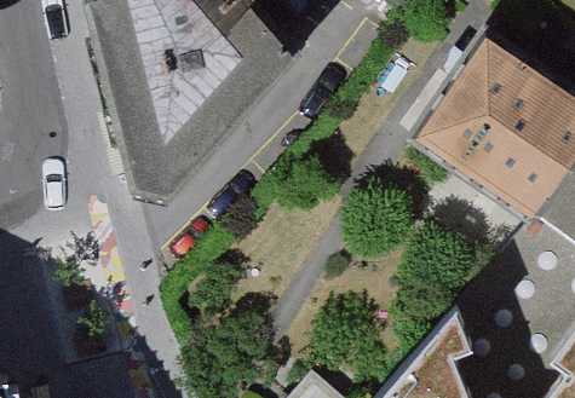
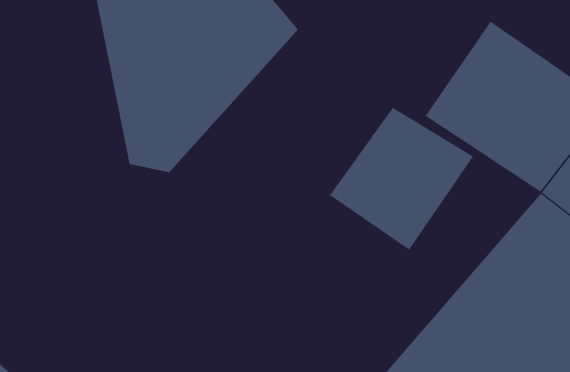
building: none -> [329,107,474,251]

